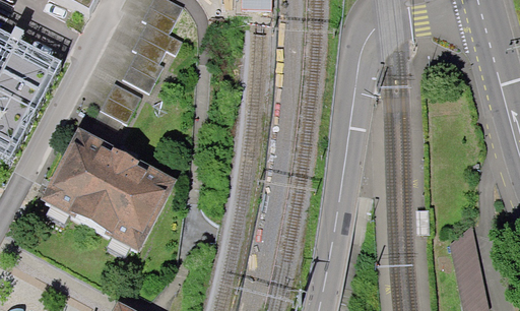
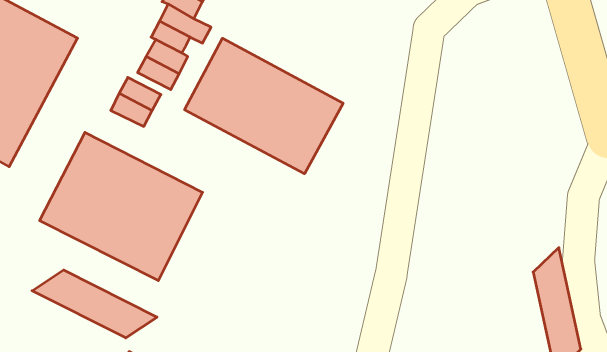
building: none -> [185,38,343,174]
building: none -> [32,270,157,338]

